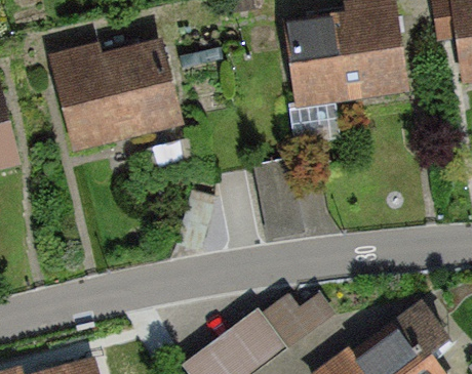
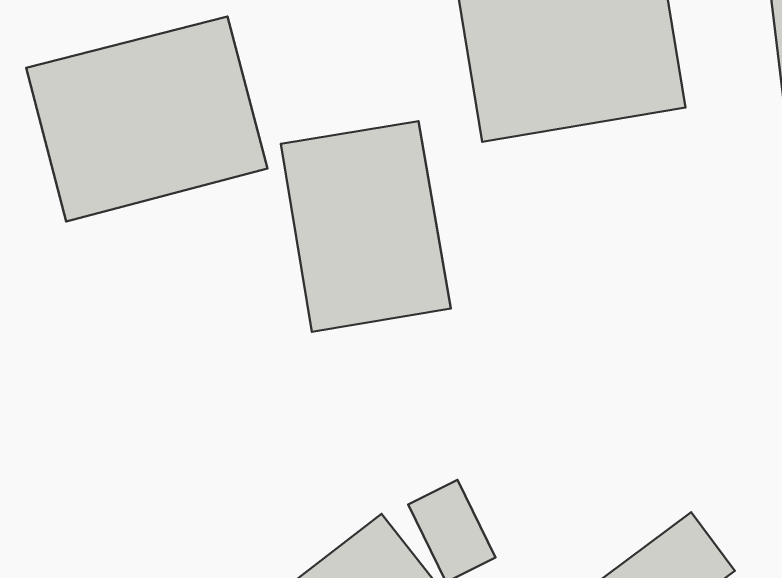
building: none -> [281,121,451,332]

